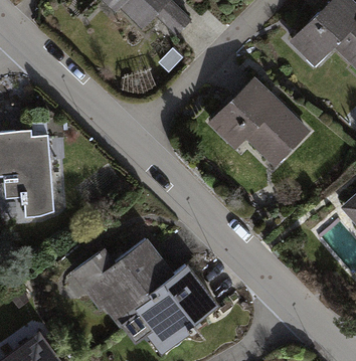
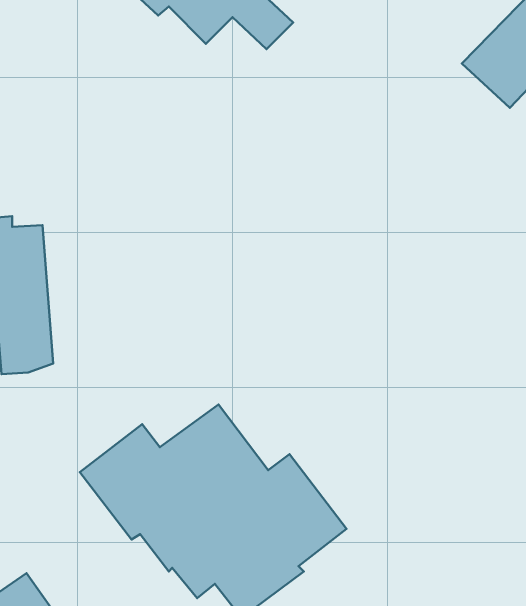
building: [205,75,310,169] -> none

